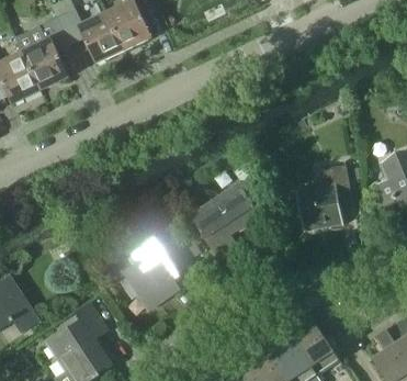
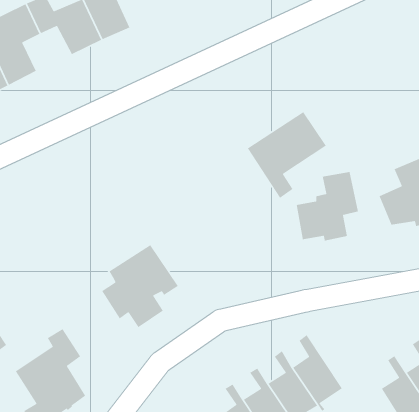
building: [189,182,260,260] -> [247,111,327,199]

